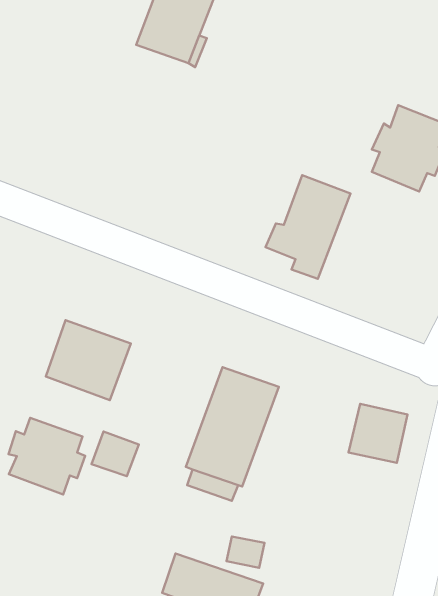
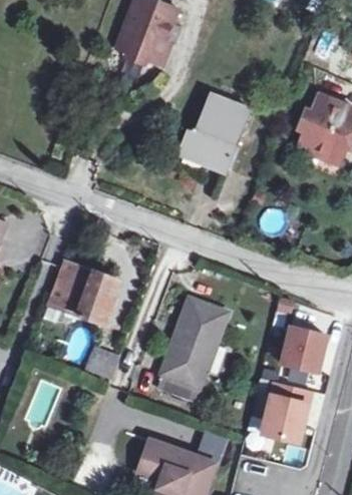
building: [265,175,351,279] -> [185,96,250,175]
building: [9,418,85,495] -> none
building: none -> [263,380,312,440]

